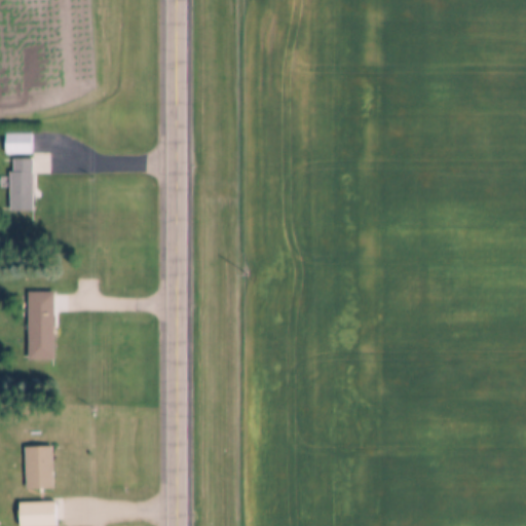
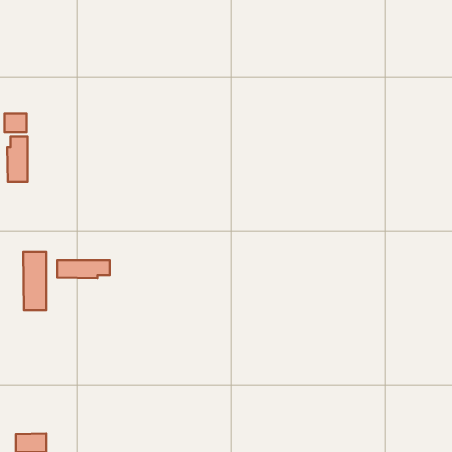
building: none -> [57,260,110,278]
building: [25,447,53,489] -> none

